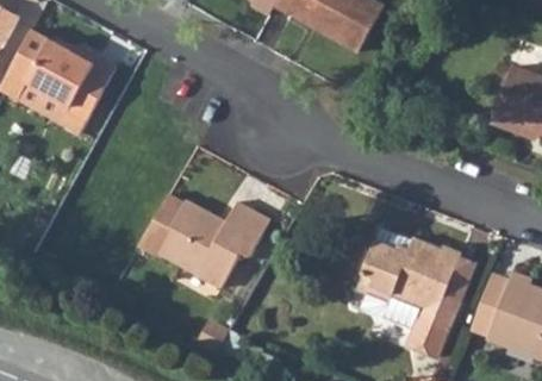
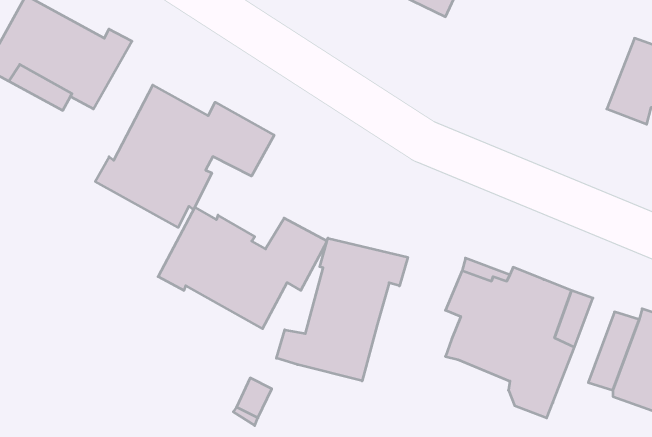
building: none -> [95,85,274,227]
building: none -> [276,238,408,381]

